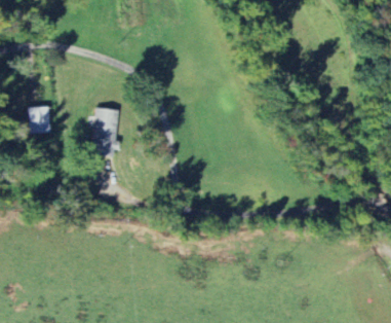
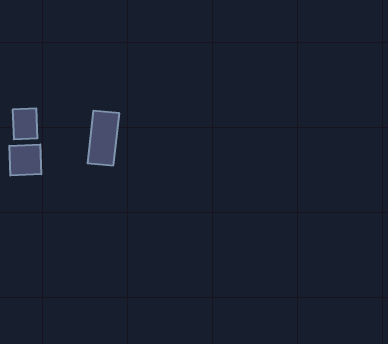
building: none -> [9,144,41,176]

